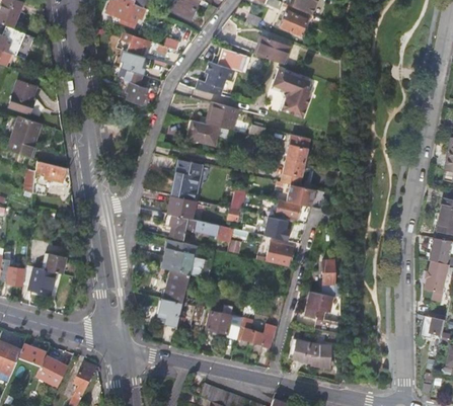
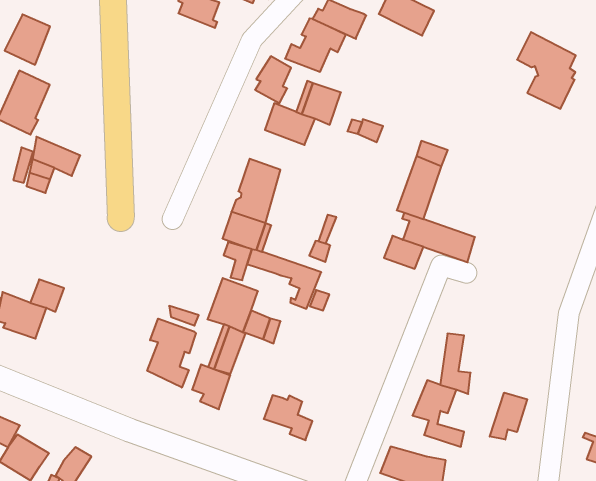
building: [271,69,310,117] -> [517,32,576,109]
building: [126,74,148,104] -> [255,56,291,103]
building: [265,216,289,240] -> none
building: [266,242,295,266] -> none
building: none -> [147,319,196,388]
building: none -> [490,393,527,440]
building: [237,316,277,348] -> none

